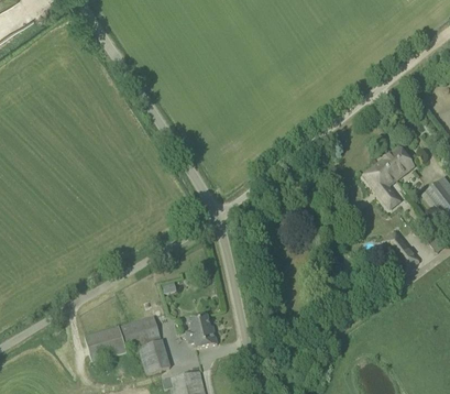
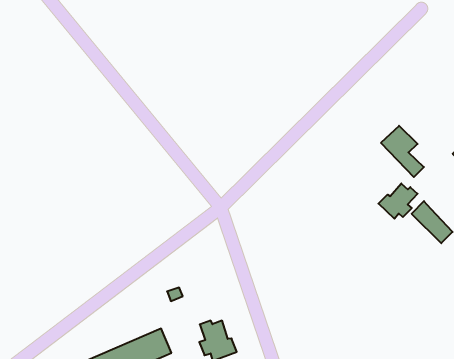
building: [381,146,413,178] -> none
building: none -> [378,183,418,219]

